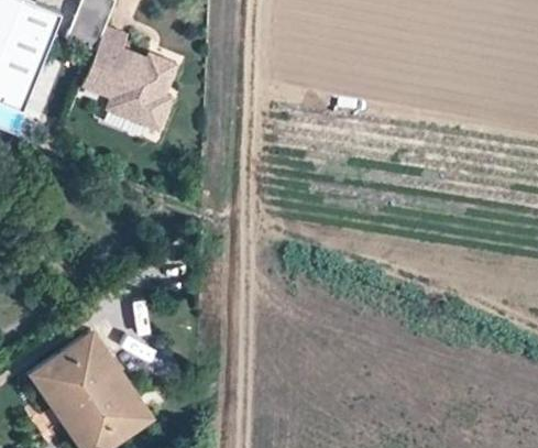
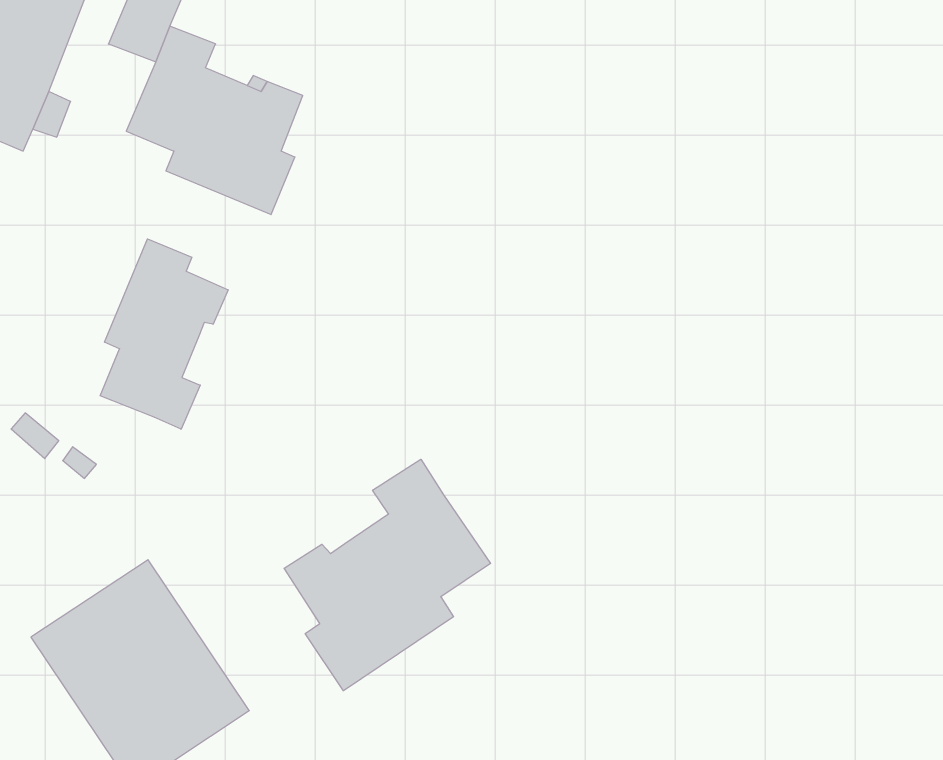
building: none -> [100,239,228,429]
building: none -> [284,459,491,691]

